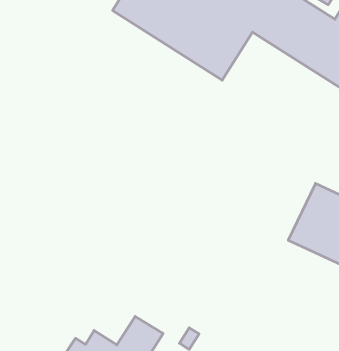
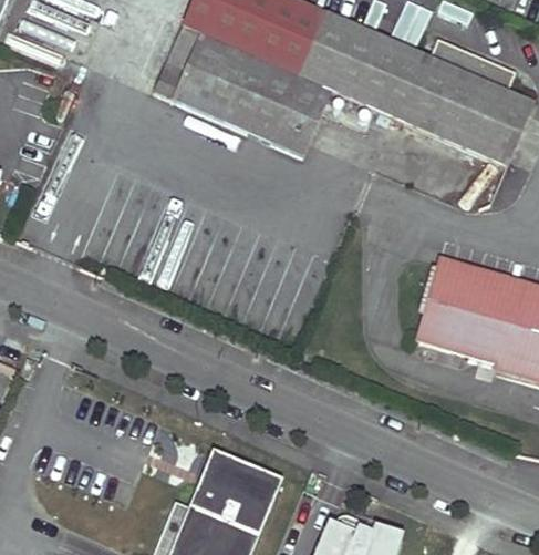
building: none -> [197,450,245,501]

